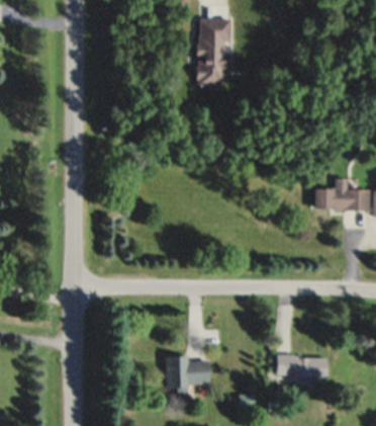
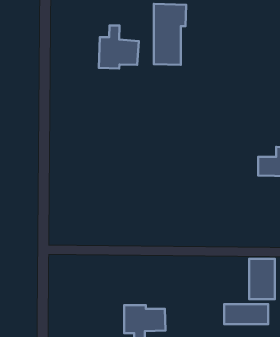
building: none -> [99,25,139,68]
building: none -> [249,259,275,299]

